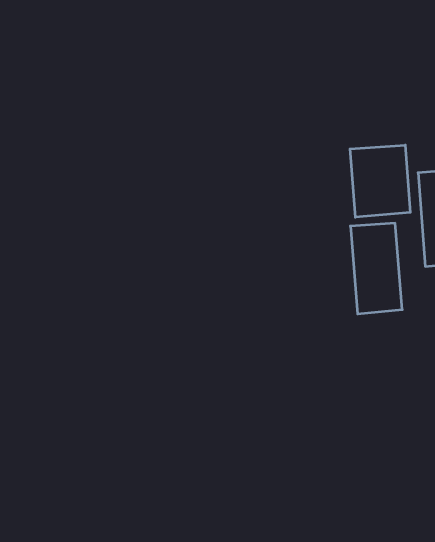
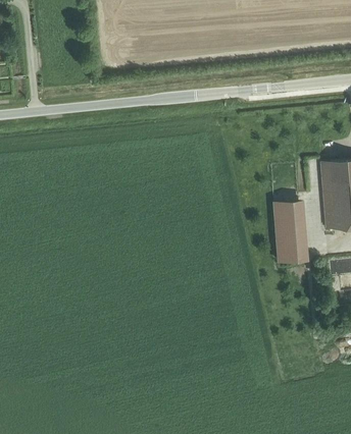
building: [350,145,410,217] -> none

